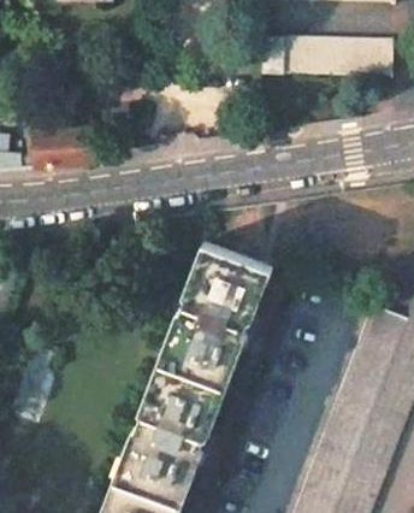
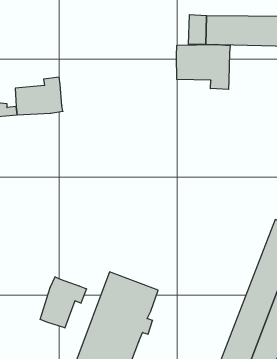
building: none -> [176,44,230,89]
building: [155,242,268,396] -> none
building: none -> [40,277,86,328]

